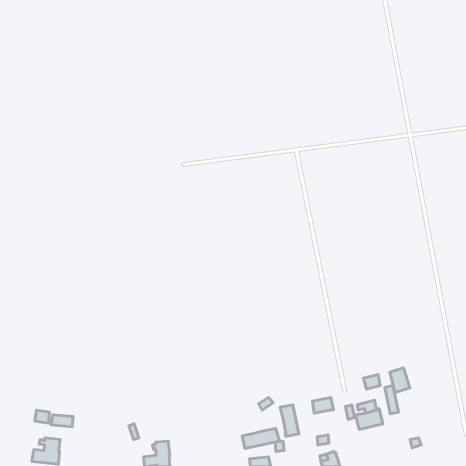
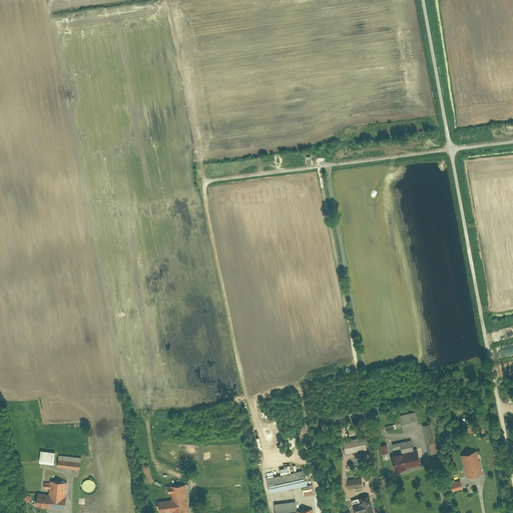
building: [390,368,410,392] -> [460,451,482,478]
building: [280,405,299,437] -> none

